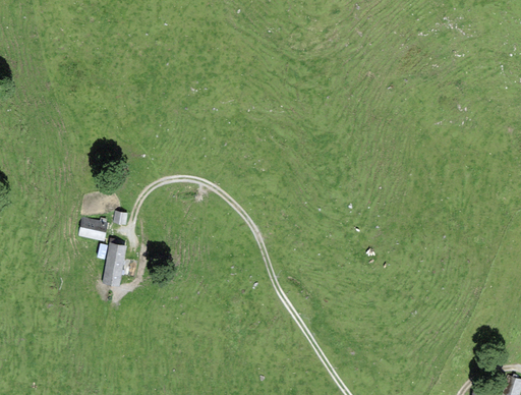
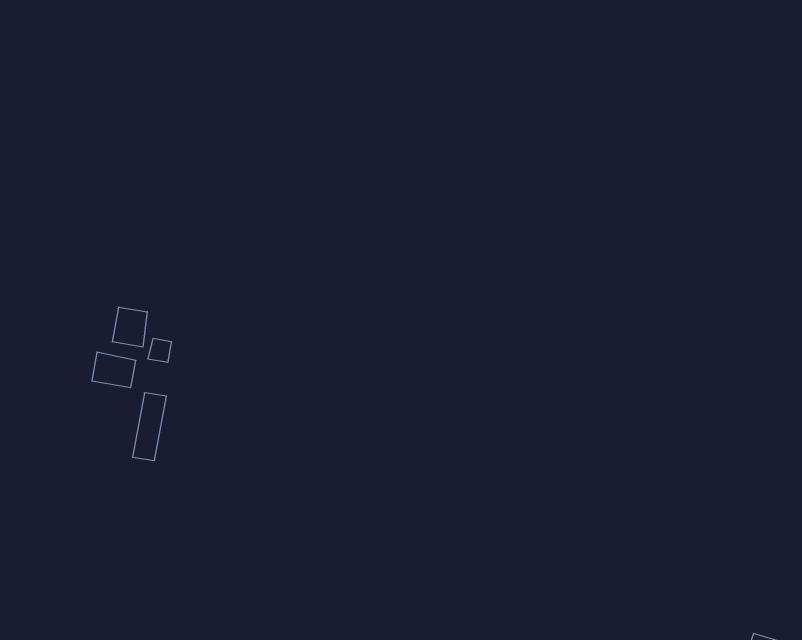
building: none -> [113,307,147,347]

